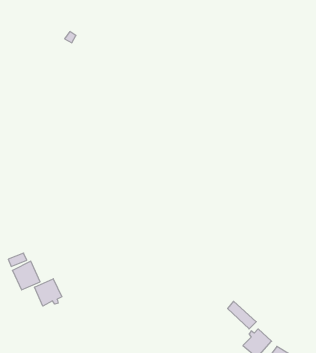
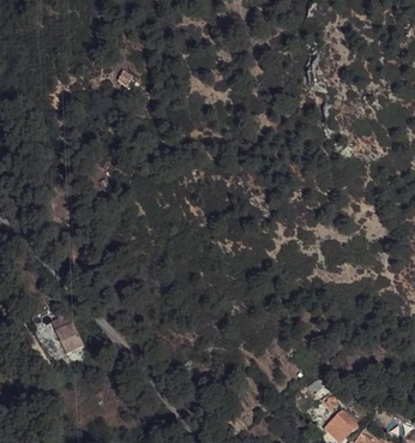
building: [35,279,62,306] -> none

